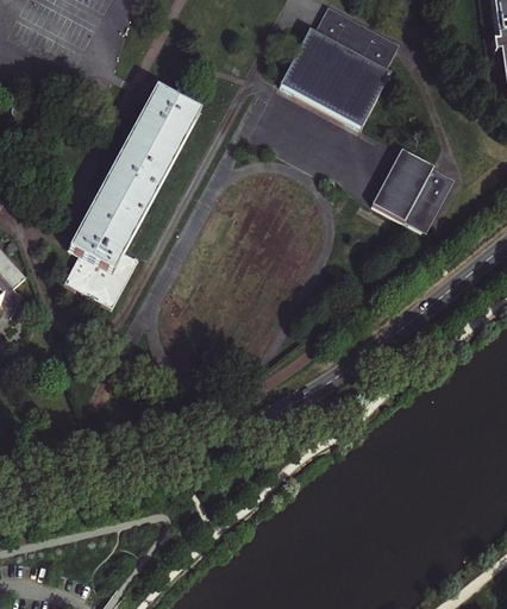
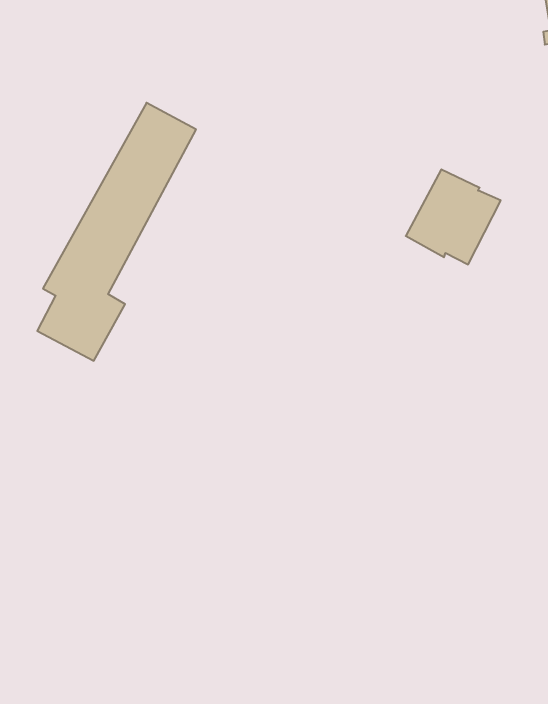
building: [280,10,396,125] -> none

